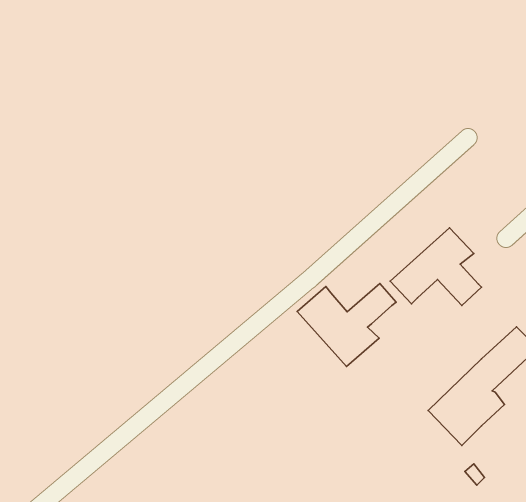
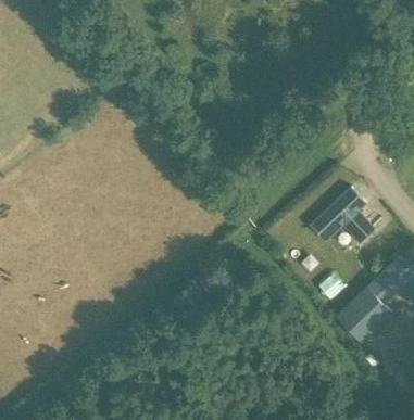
building: [297,283,396,366] -> none

